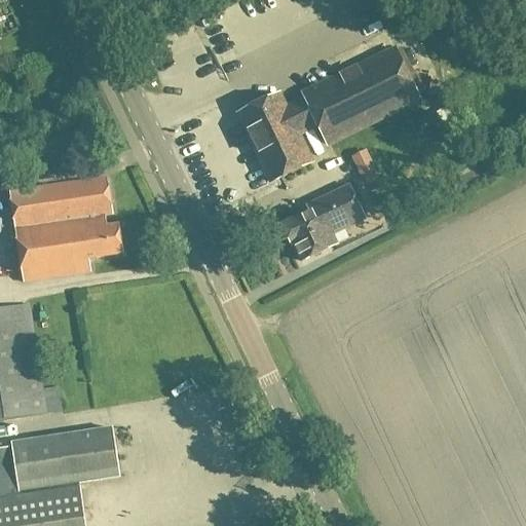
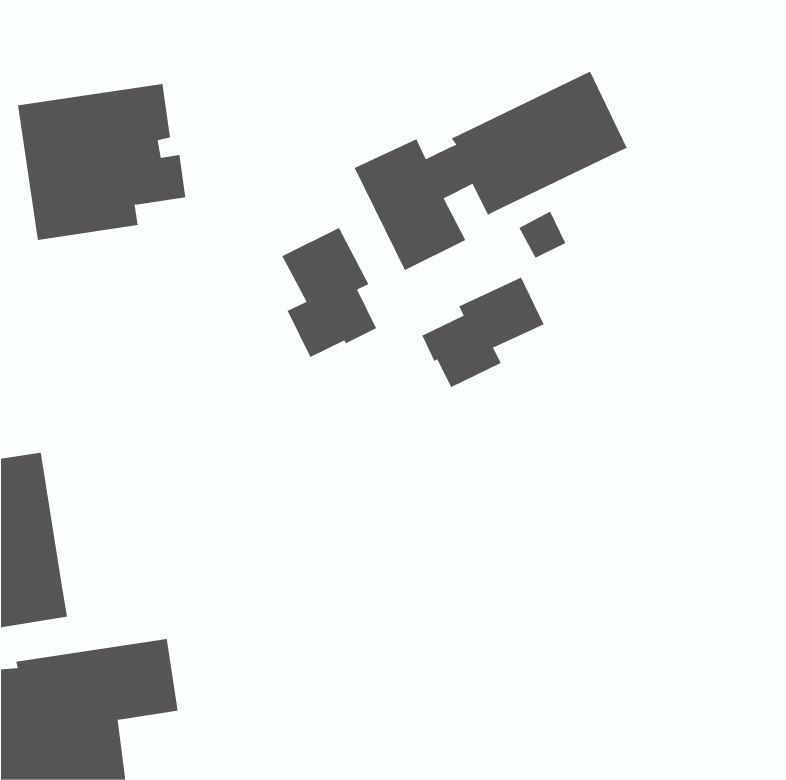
building: none -> [281,227,377,358]
building: [8,176,121,280] -> [17,84,186,241]

